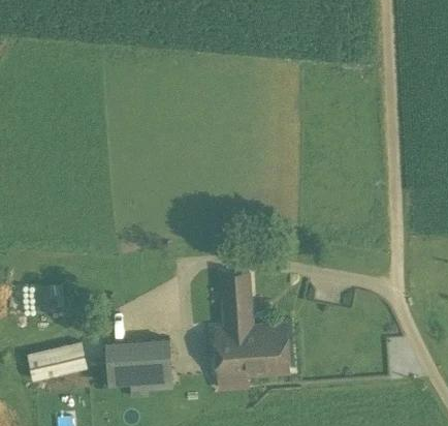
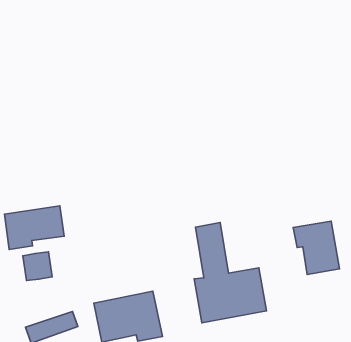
building: none -> [4,206,64,250]
building: none -> [293,221,340,275]

